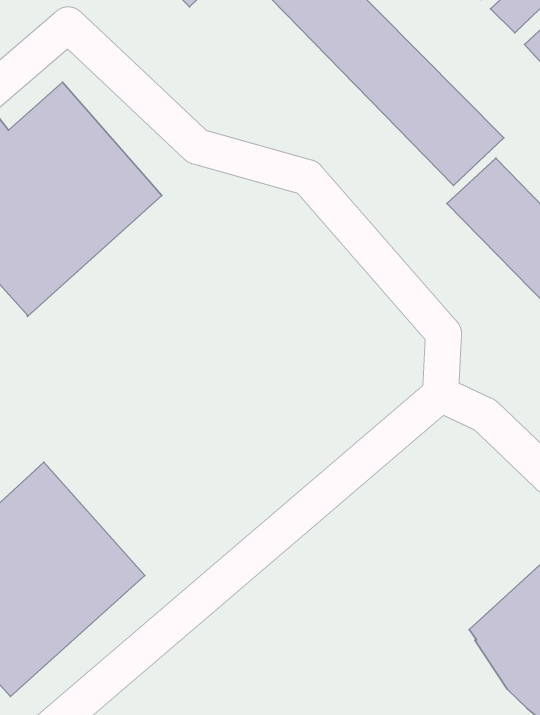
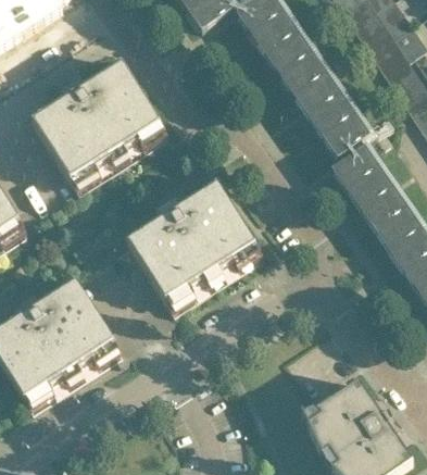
building: none -> [124,178,262,311]

